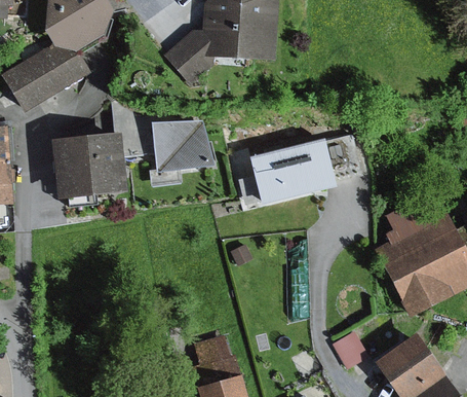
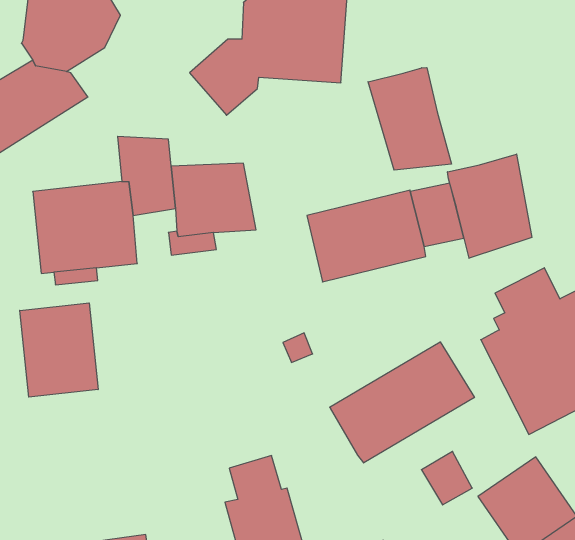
building: none -> [368,68,451,170]
building: none -> [448,154,532,258]
building: none -> [20,303,98,397]
building: none -> [330,342,474,463]

